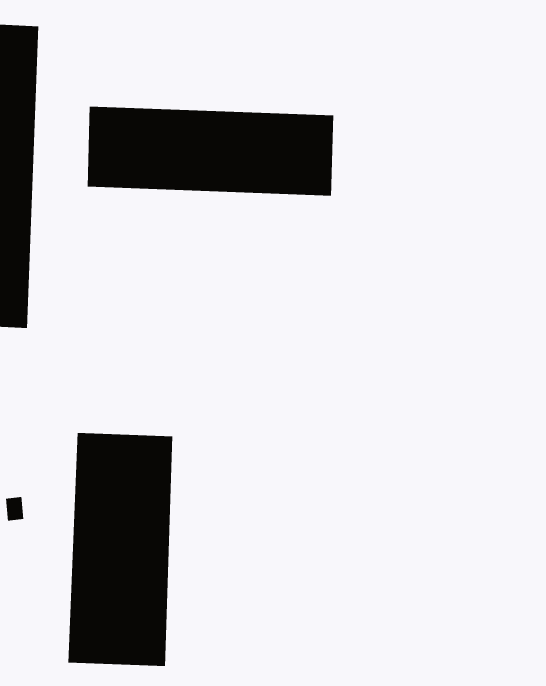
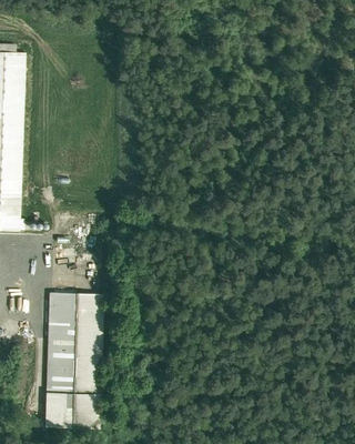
building: [87,106,334,196] -> none

